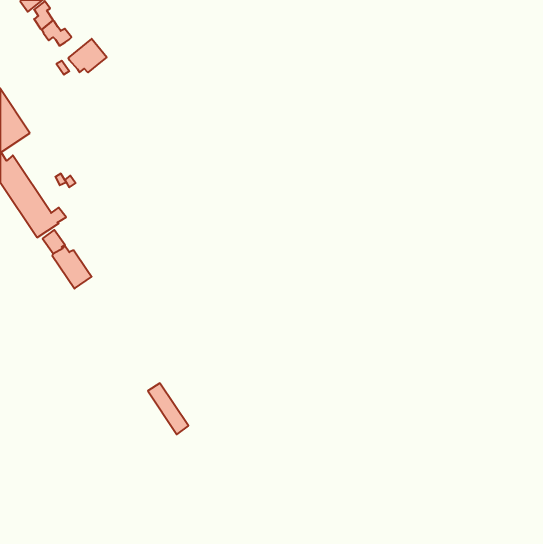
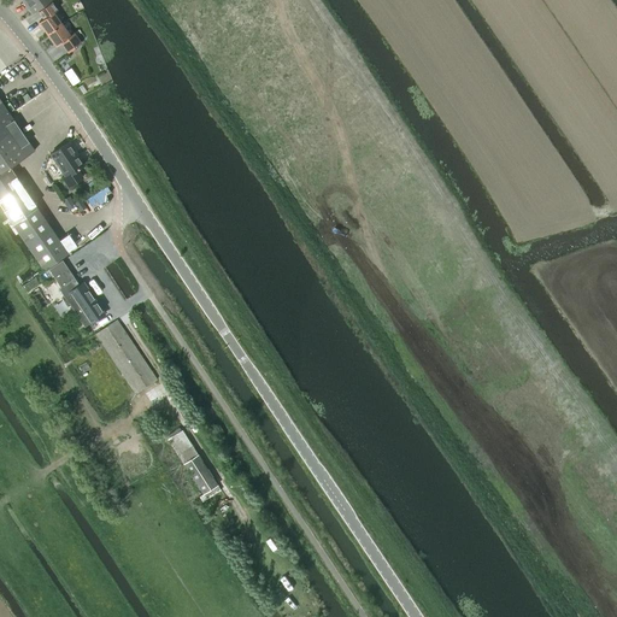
building: [69,39,107,72] -> none
building: none -> [51,142,83,187]
building: none -> [96,319,157,394]

